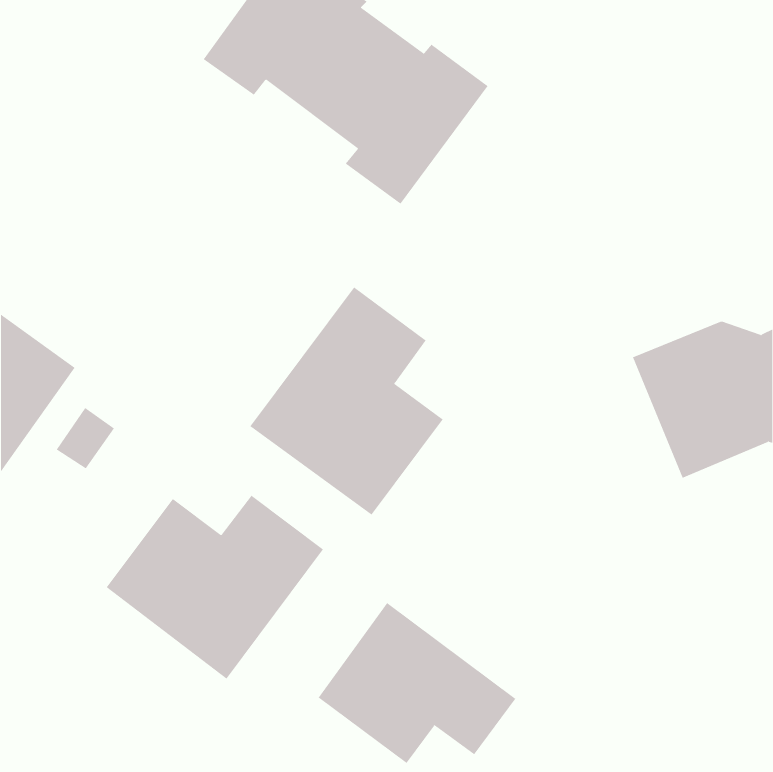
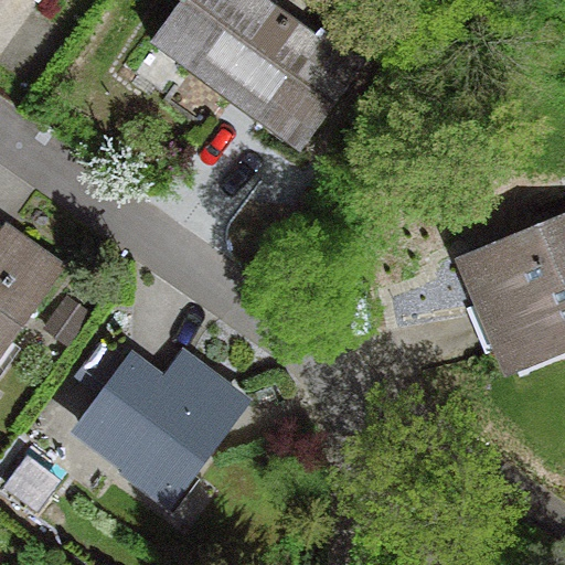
building: [250,286,443,515] -> none
building: [318,602,516,764] -> none

